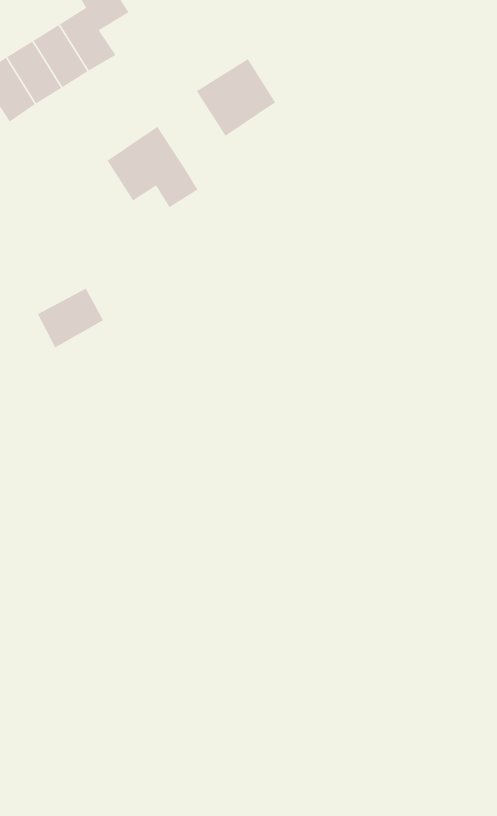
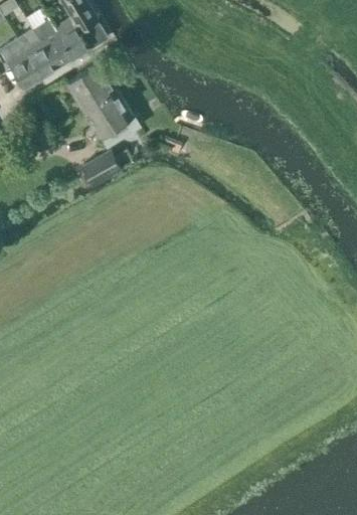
building: [196,58,276,137] -> [64,63,114,112]
building: [37,288,104,348] -> [78,150,120,187]

